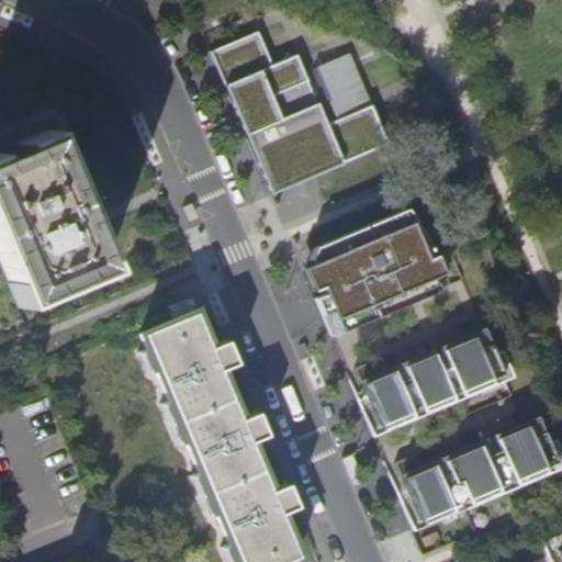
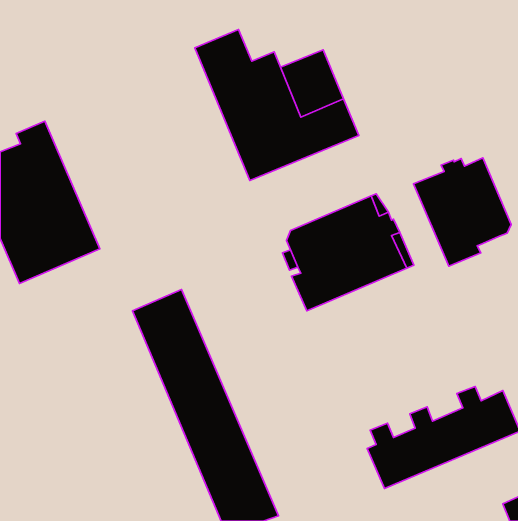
building: none -> [413,158,511,266]
building: [360,331,510,436] -> none

